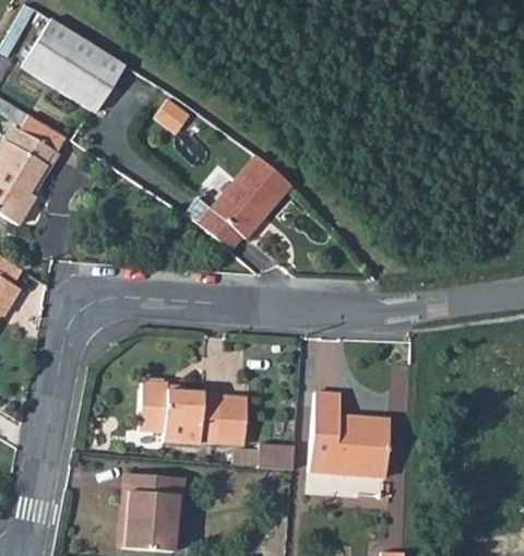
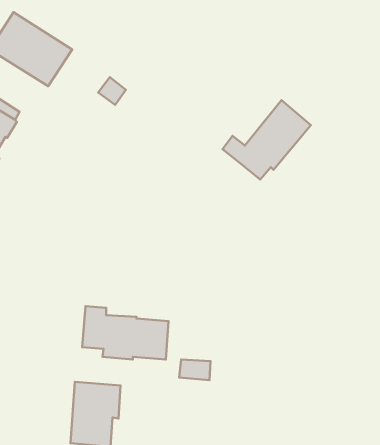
building: [184,153,293,250] -> [223,100,311,179]
building: [308,391,390,476] -> none

